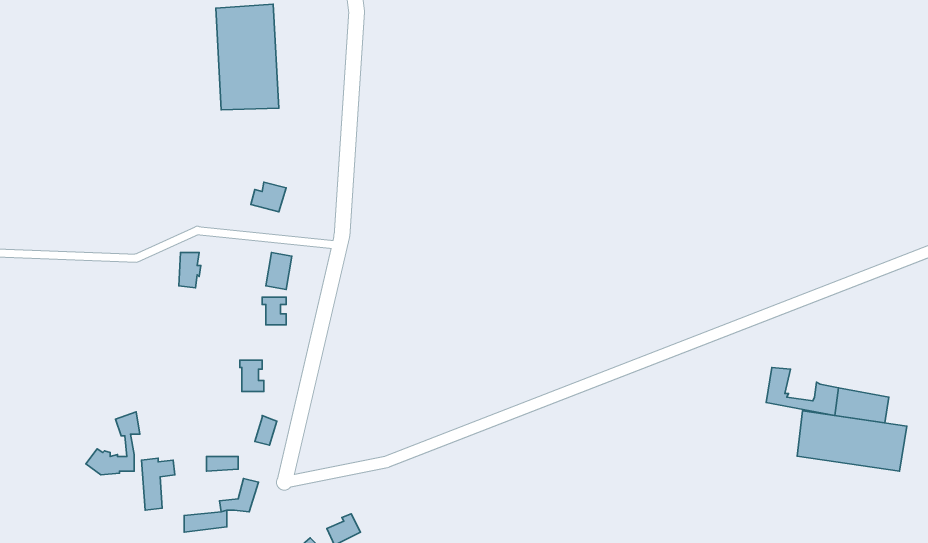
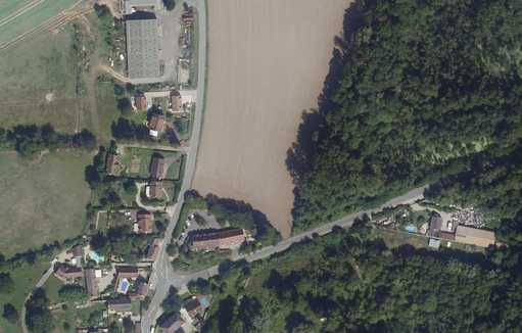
building: none -> [188,227,244,249]
building: [797,411,907,471] -> none

